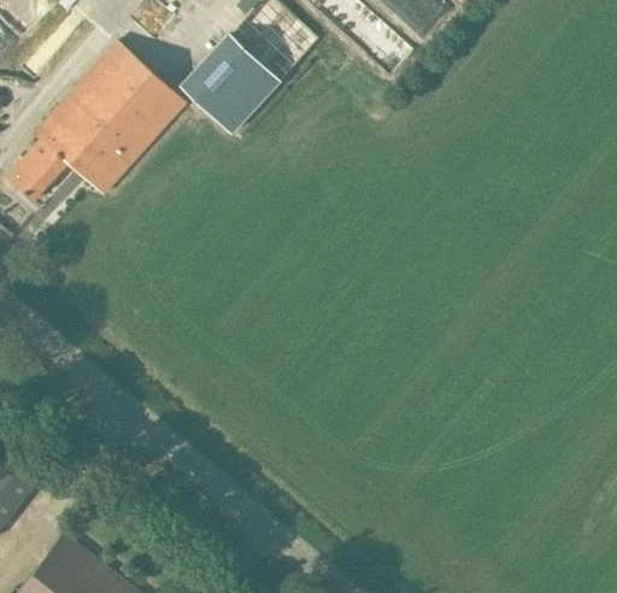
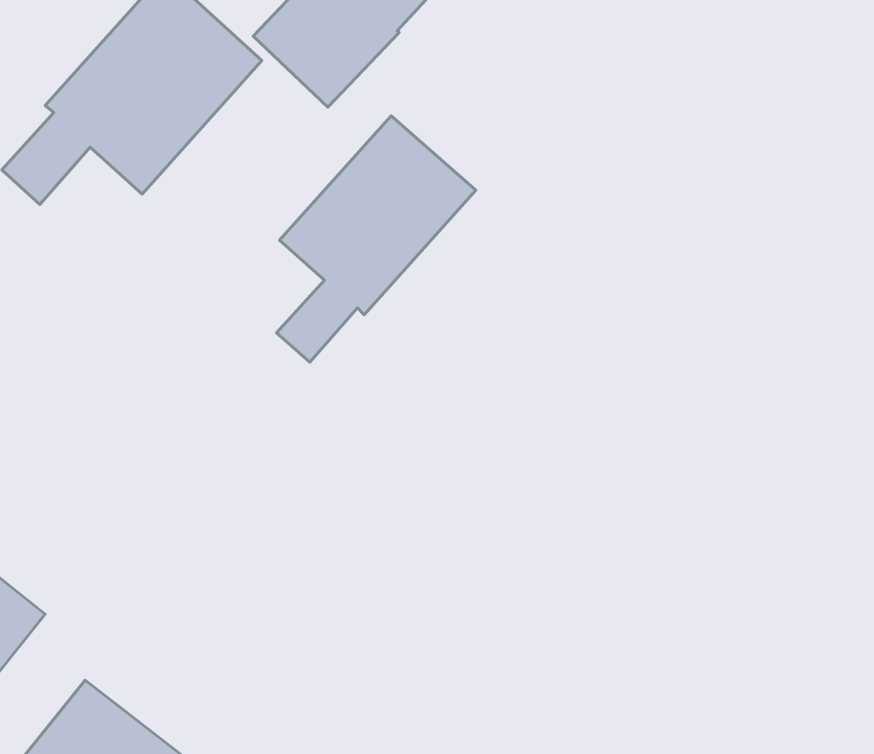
building: none -> [277,116,476,362]

